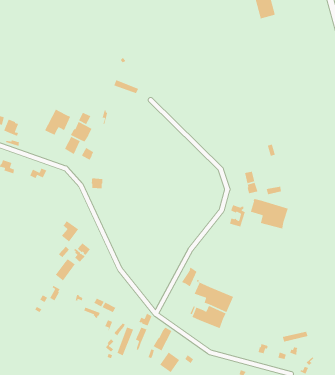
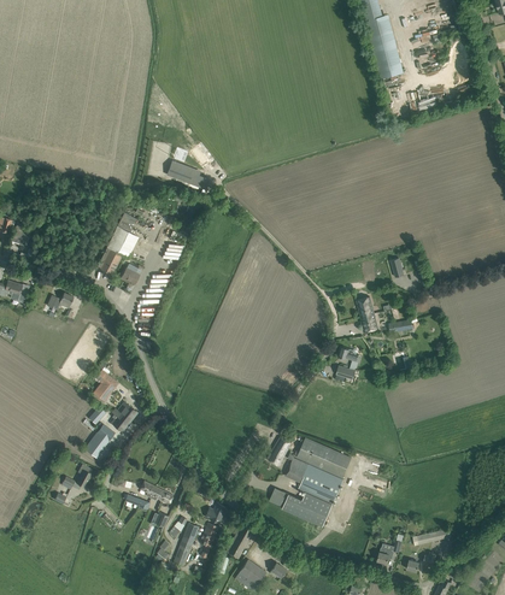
building: [44,108,71,136] -> none
building: [250,198,289,229] -> none
building: none -> [296,437,351,477]

